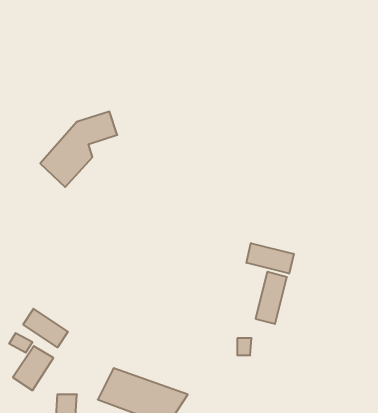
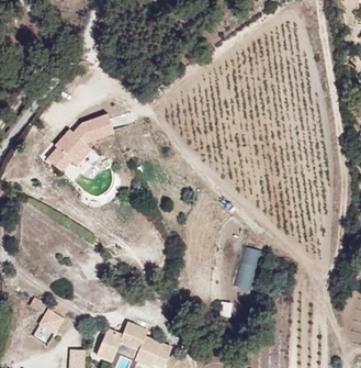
building: [246,243,294,274] -> none
building: [23,309,68,347] -> none

